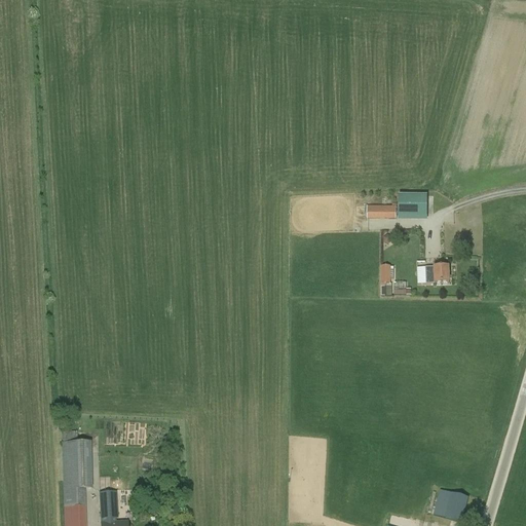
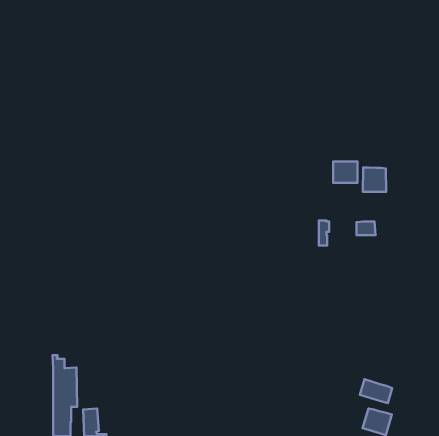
building: none -> [363,167,386,192]
building: [367,201,397,218] -> none
building: none -> [360,379,392,403]

